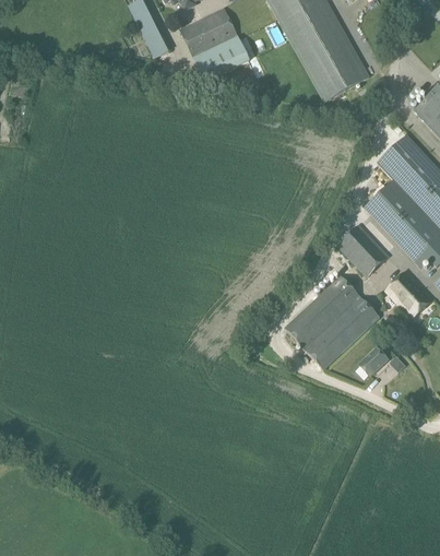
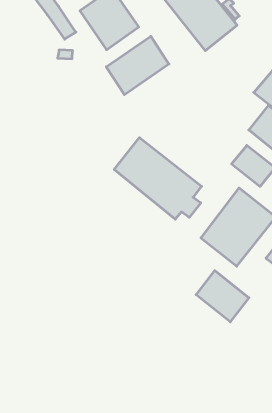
building: none -> [106,36,169,95]
building: none -> [114,138,202,219]
building: none -> [196,271,249,322]

